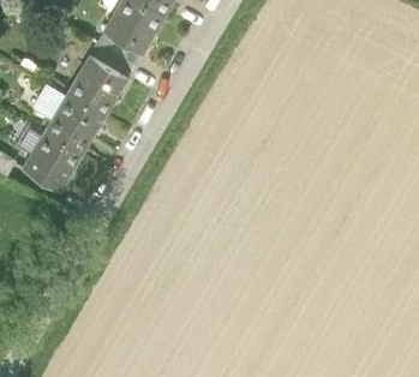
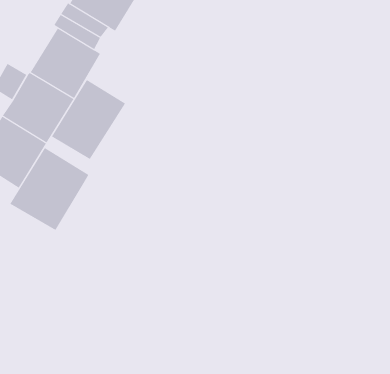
building: none -> [51,79,126,160]
building: none -> [10,147,89,231]

